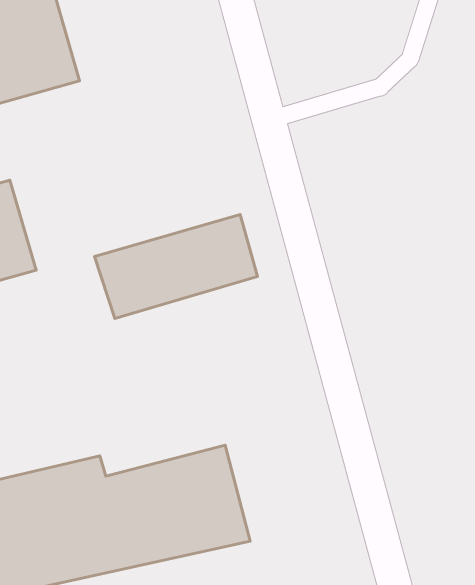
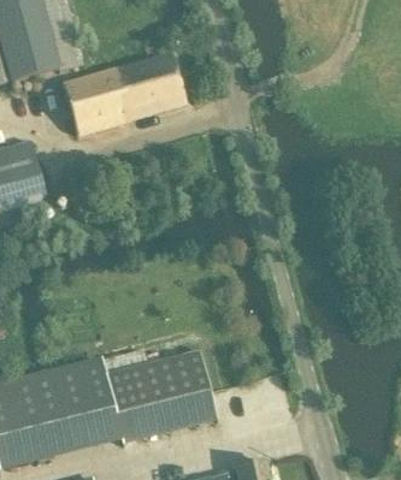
building: [95,215,257,318] -> [57,54,183,135]

